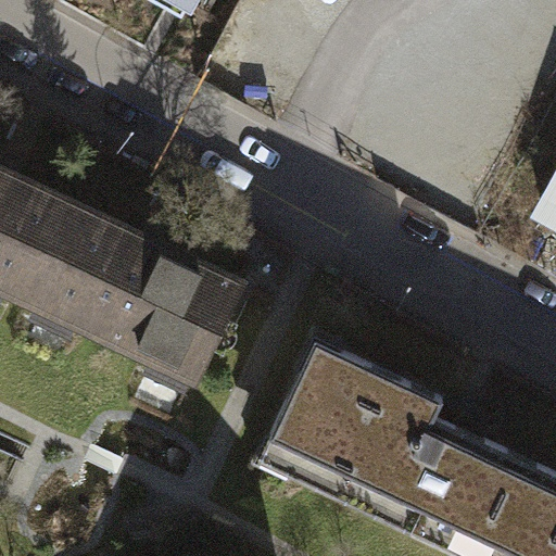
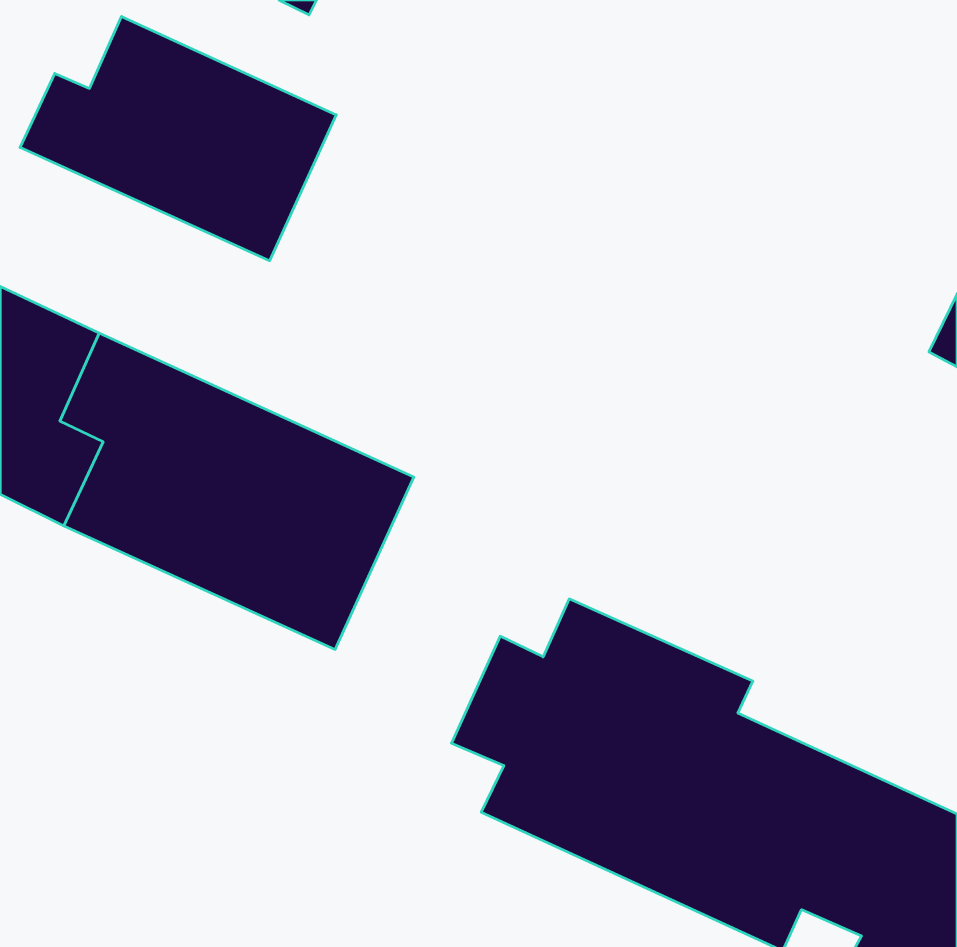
building: none -> [20,16,336,261]

